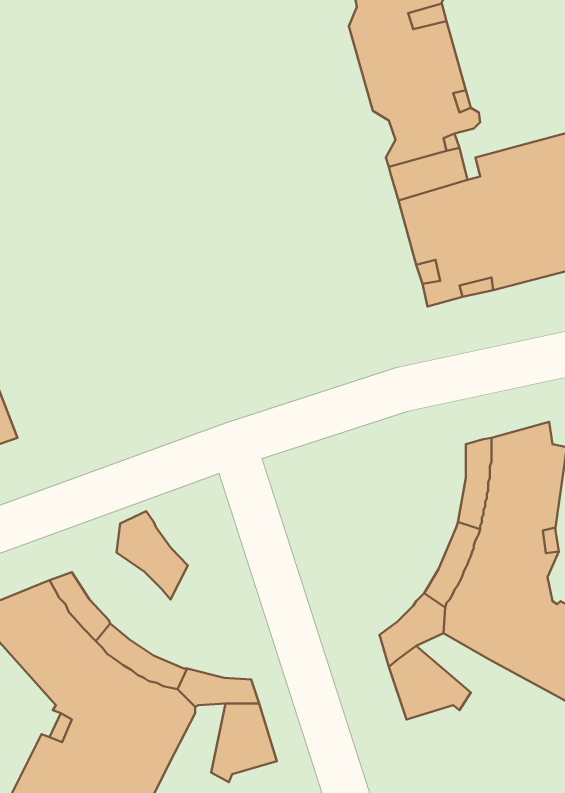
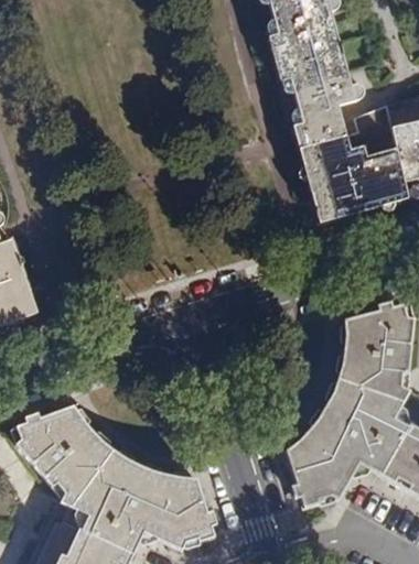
building: [117,511,188,599] -> none
building: none -> [312,445,362,486]
building: none -> [146,494,181,541]

